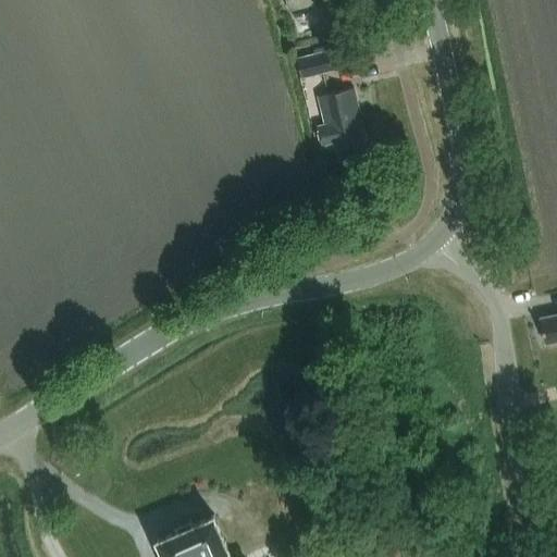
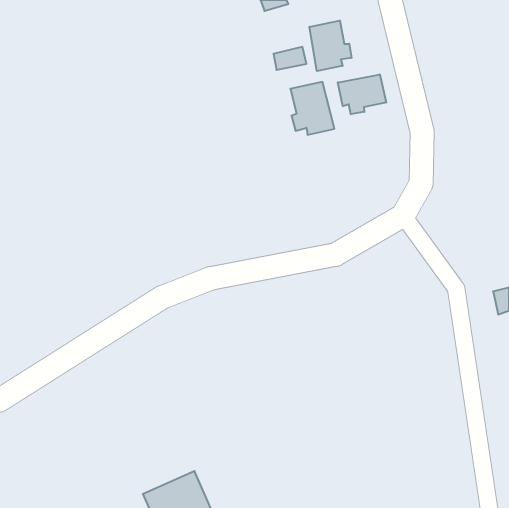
building: none -> [309,21,352,71]
building: none -> [338,74,386,114]

